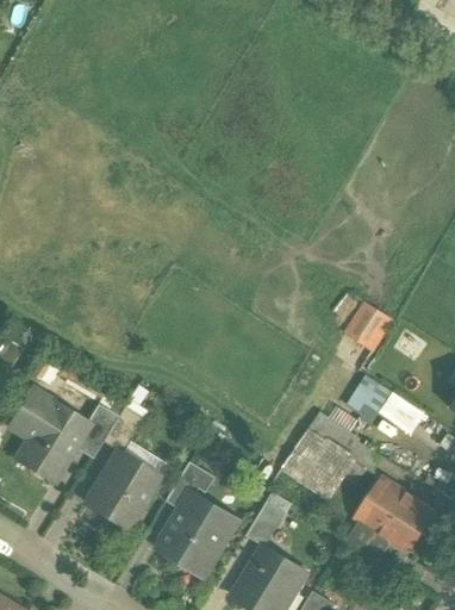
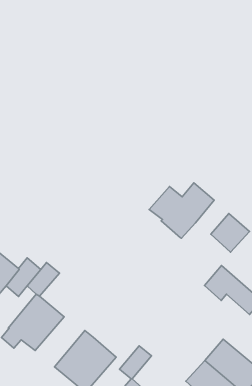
building: none -> [149,183,214,238]
building: [279,411,381,500] -> none
building: [167,462,216,509] -> none

